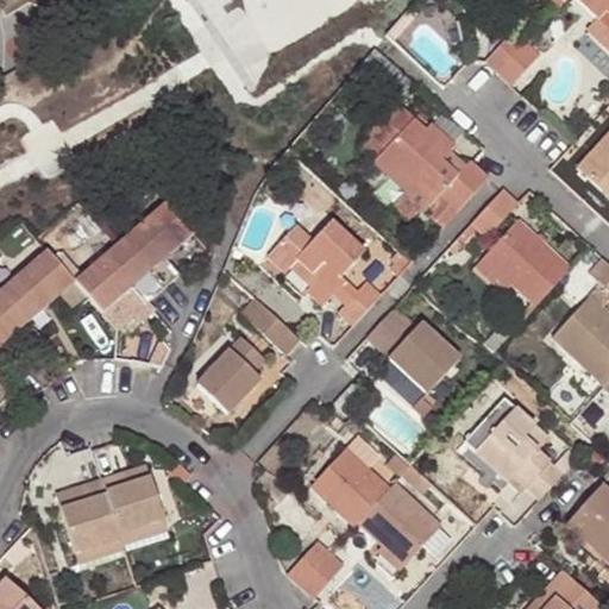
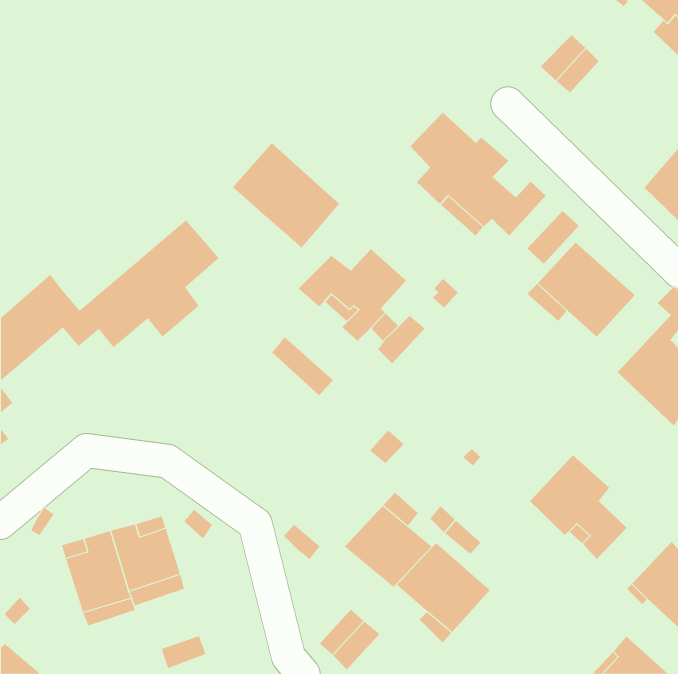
building: none -> [232,142,340,248]
building: [366,307,463,395] -> none
building: [199,339,265,416] -> none

